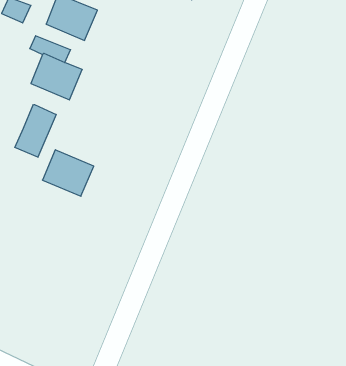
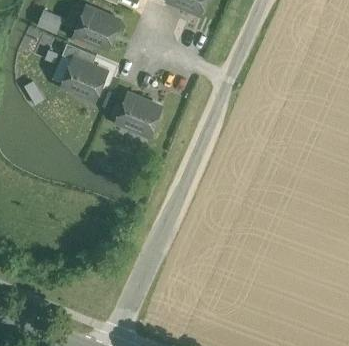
building: [15,105,56,157] -> none
building: [42,150,94,196] -> [116,94,160,134]

